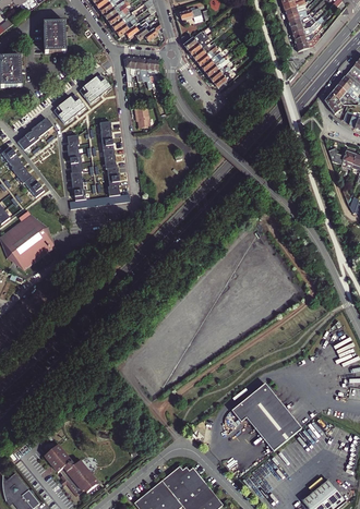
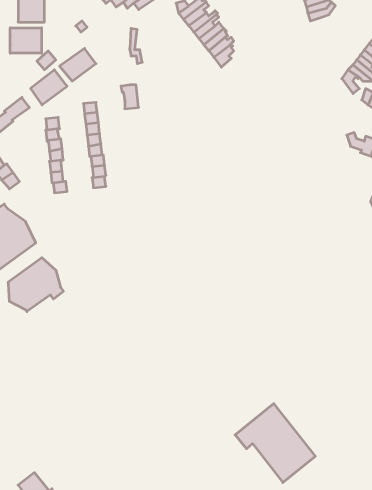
building: none -> [10,28,42,53]
building: none -> [8,258,63,312]

